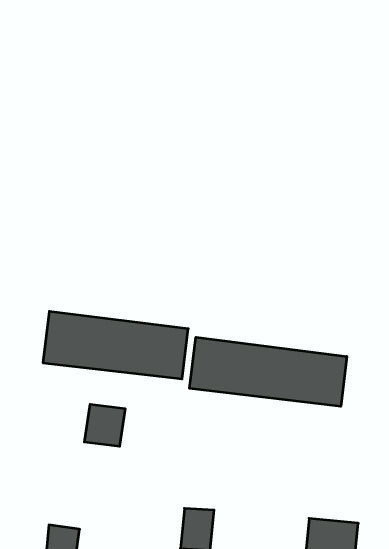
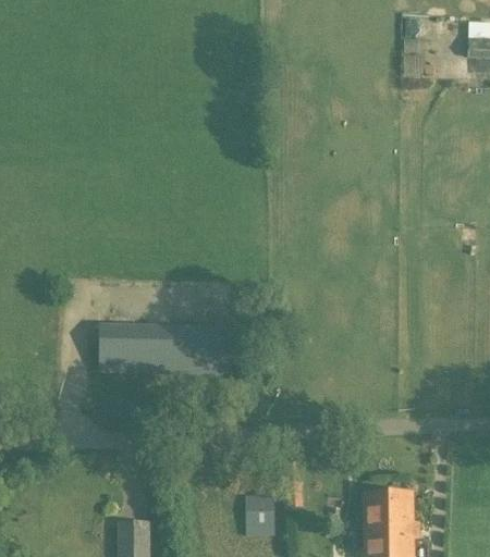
building: [190,337,347,406] -> none
building: [84,404,125,446] -> none

